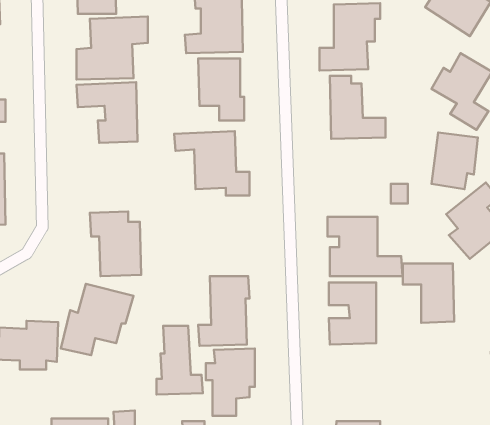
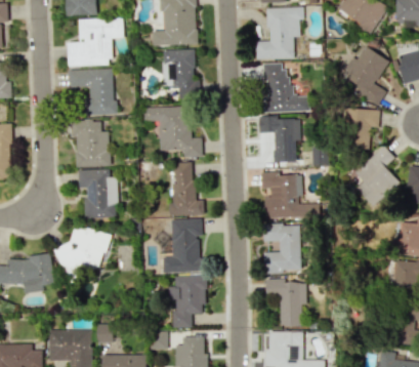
building: none -> [259,117,297,161]
building: none -> [70,119,110,166]
building: [403,263,454,323] -> [265,280,305,326]
building: [157,326,203,395] -> [169,162,205,215]

